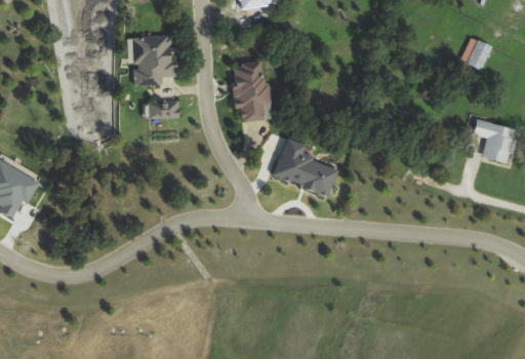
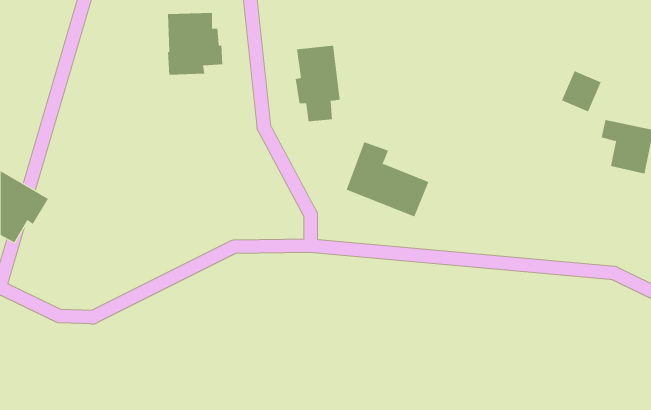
building: [459,36,491,69] -> [561,70,601,112]
building: [148,101,178,117] -> none

